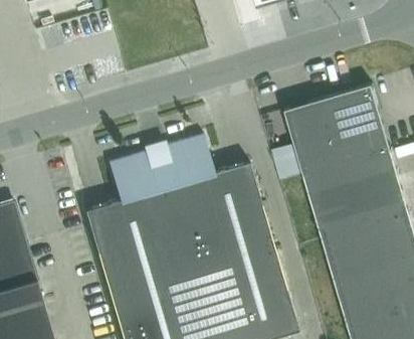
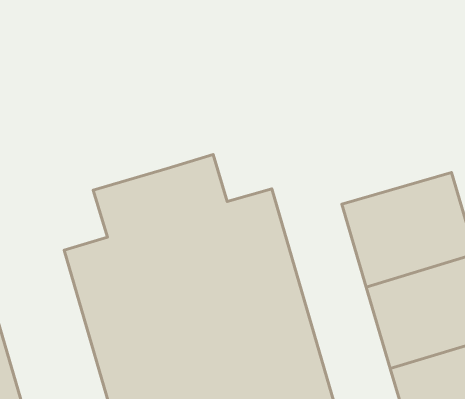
building: [285,84,391,174] -> none

